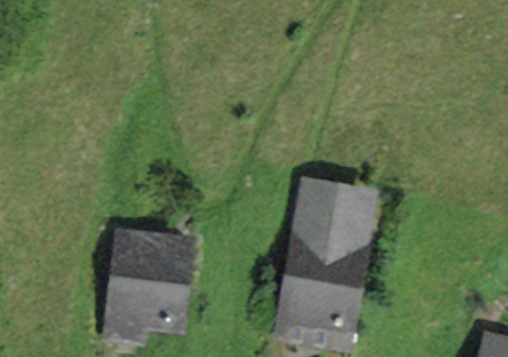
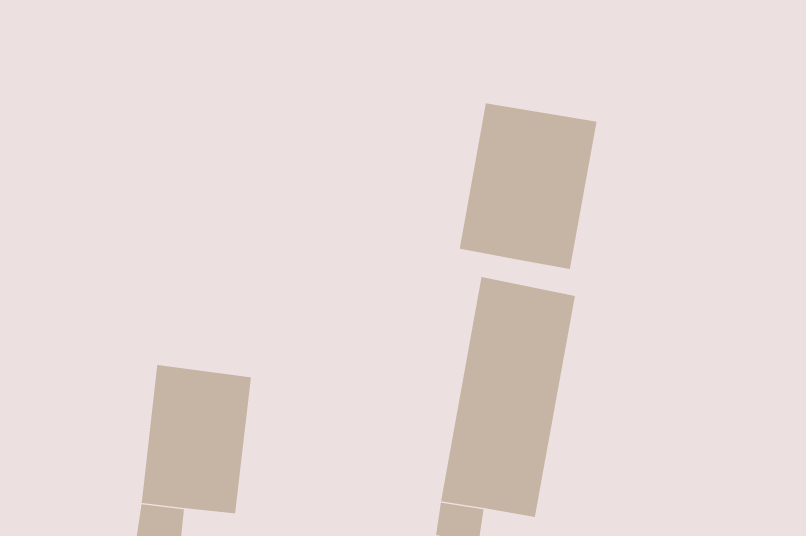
building: none -> [459,103,597,270]

